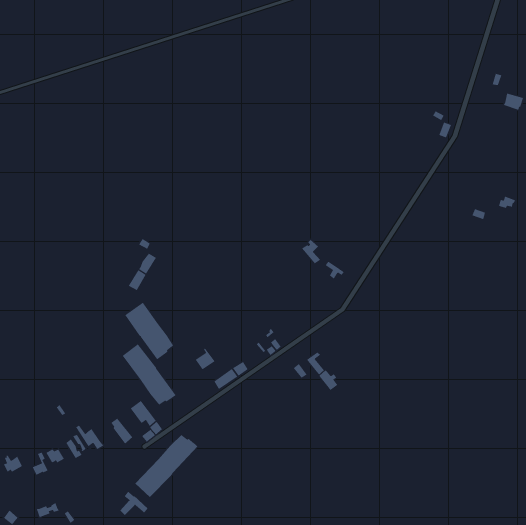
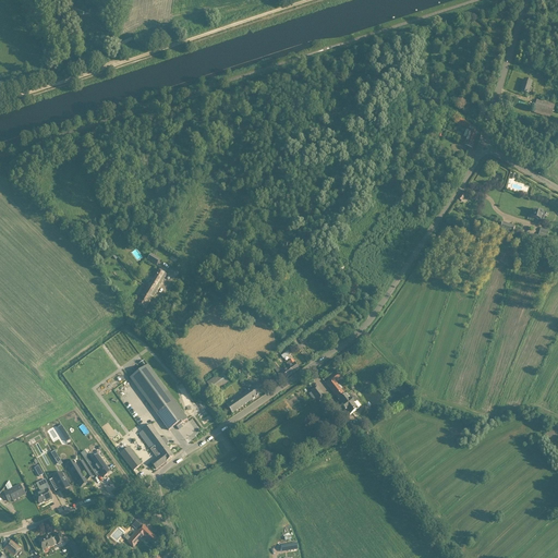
building: [125,302,174,360] -> none
building: [135,434,198,498] -> none

